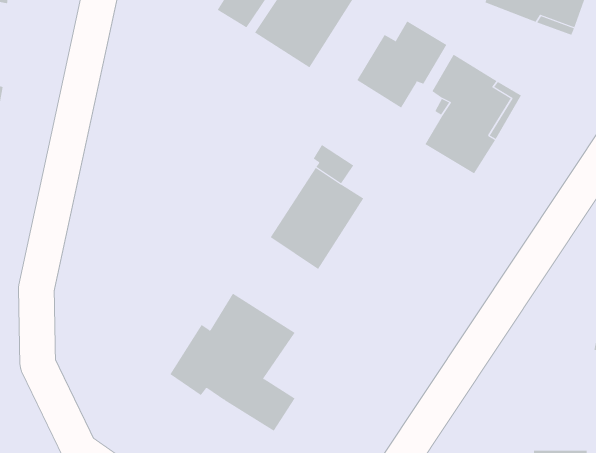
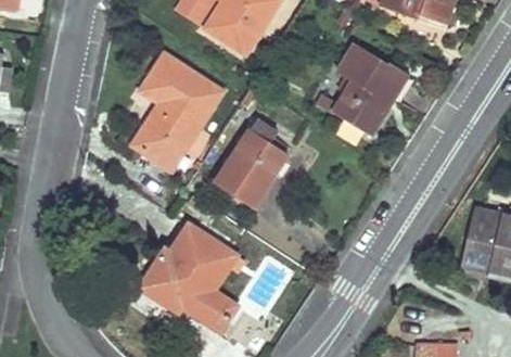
building: [357,21,447,109] -> none
building: none -> [133,54,222,169]

